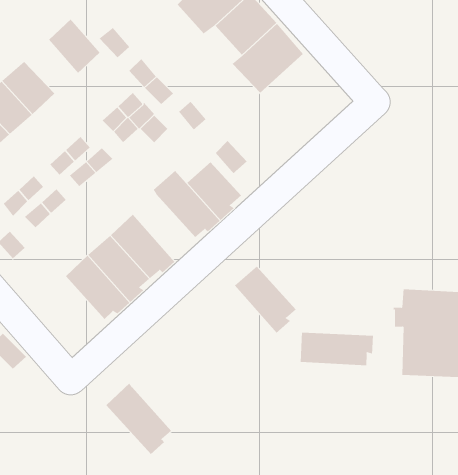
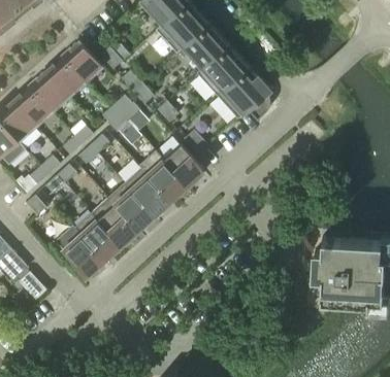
building: none -> [44,57,84,96]
building: none -> [217,67,270,121]
building: [234,266,296,334] -> [124,169,169,218]
building: [300,332,374,366] -> none
building: [106,383,172,455] -> [55,226,103,278]

